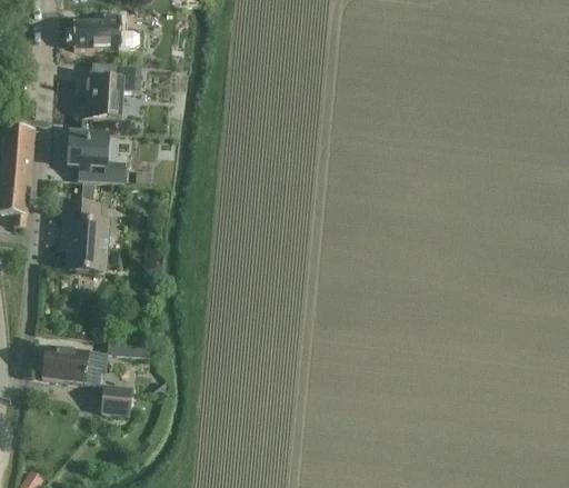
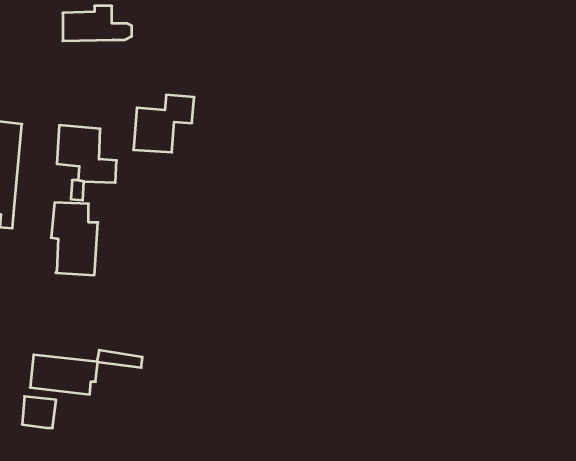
building: [83,63,141,118] -> [133,95,194,152]
building: [100,385,132,415] -> [22,396,56,428]

